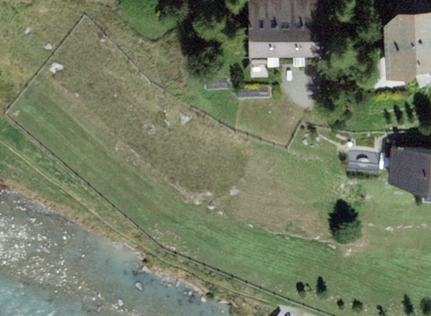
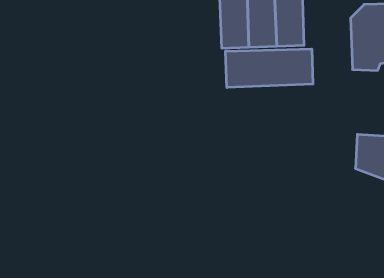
building: none -> [226,49,313,88]

